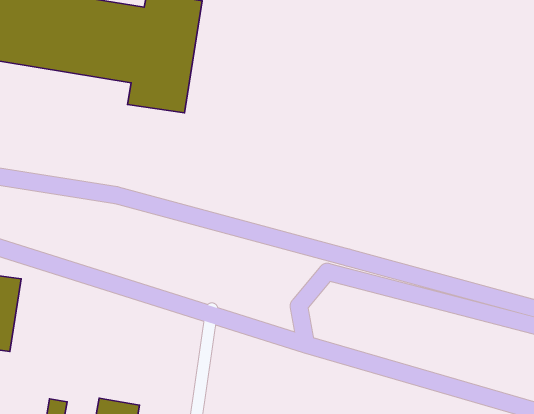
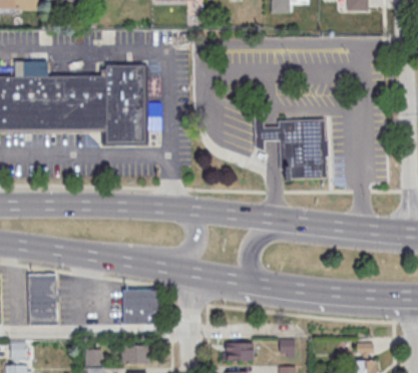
building: none -> [253,111,327,178]
building: none -> [122,288,161,323]

